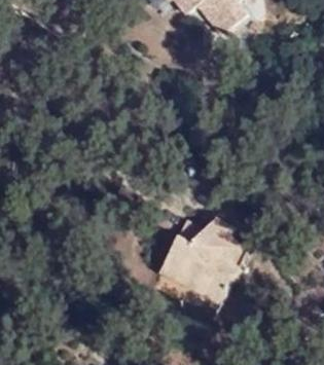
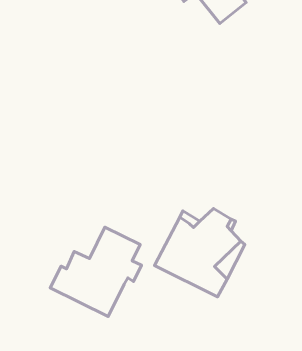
building: none -> [50,227,142,317]

